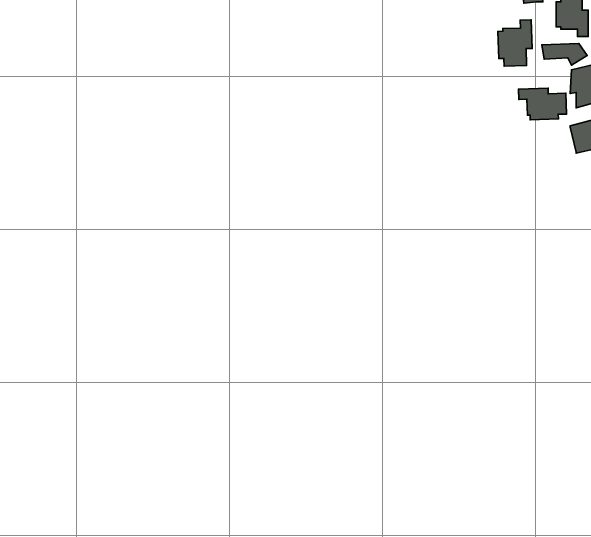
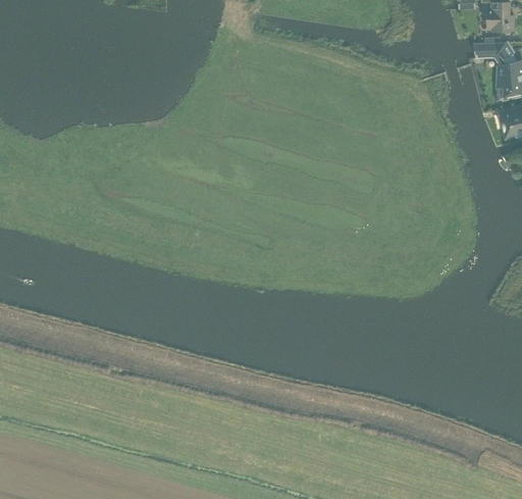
building: [498,20,532,66] -> none
building: [518,88,566,120] -> none

